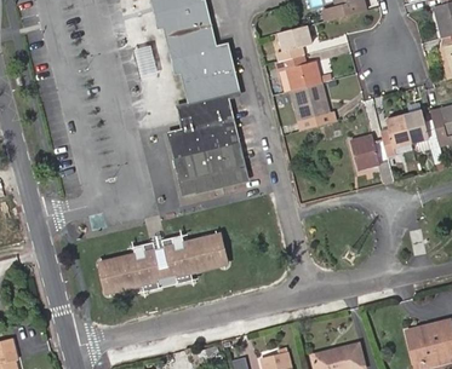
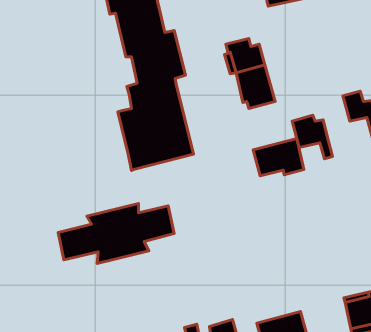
building: [276,25,310,60] -> none
building: [379,115,410,156] -> none
building: none -> [253,139,304,176]

